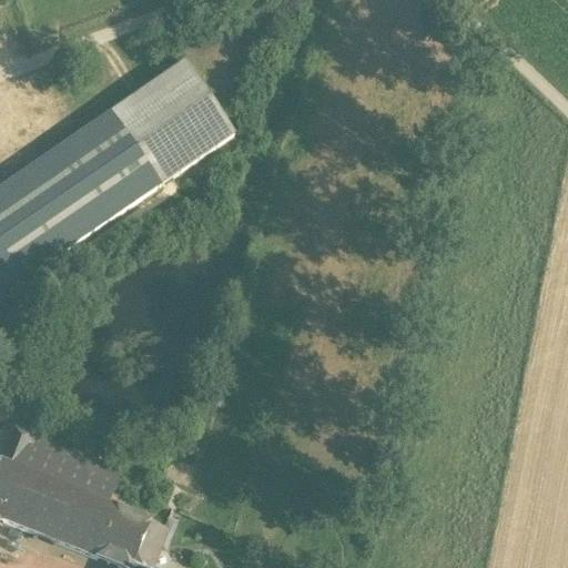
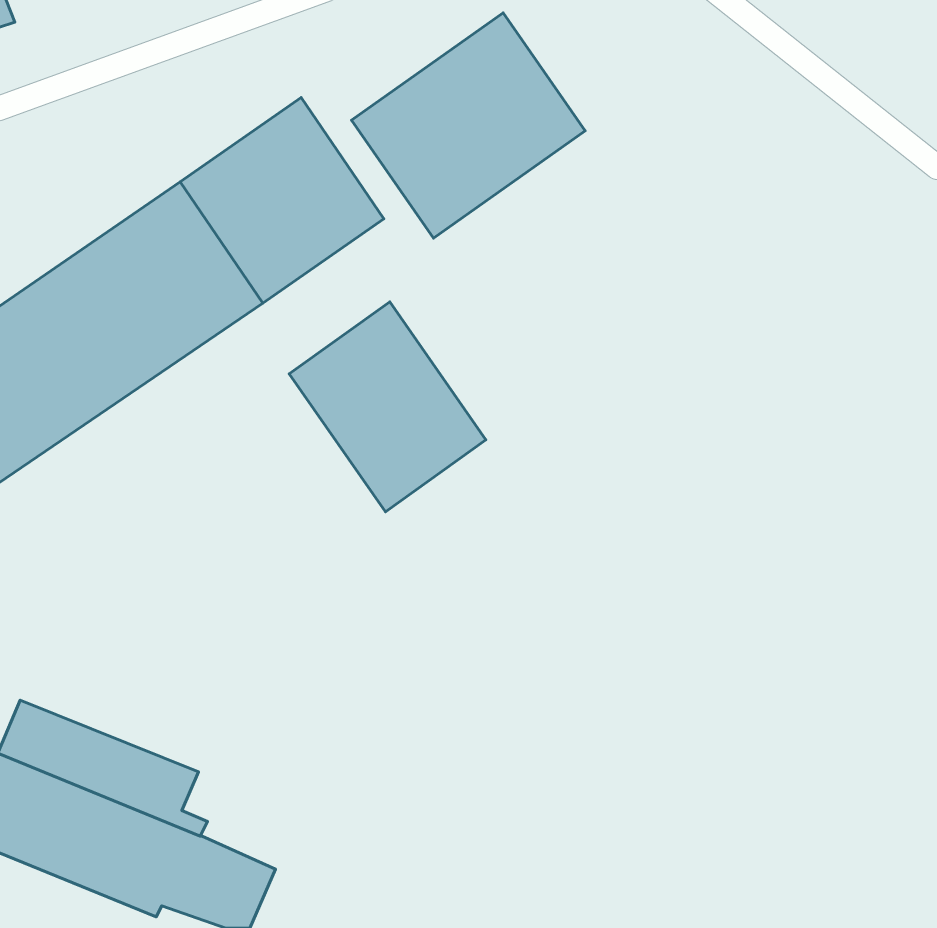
building: none -> [351,13,585,238]
building: none -> [289,302,486,512]

